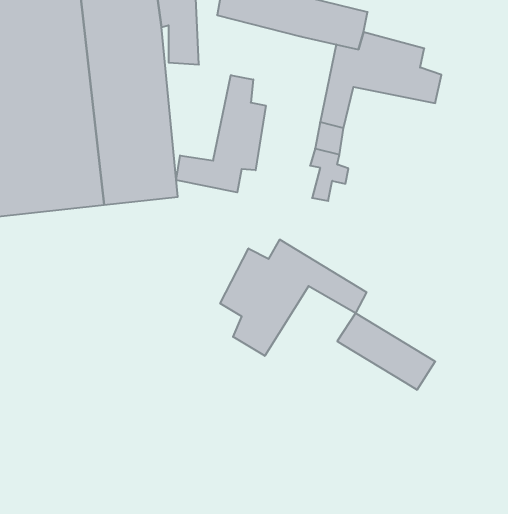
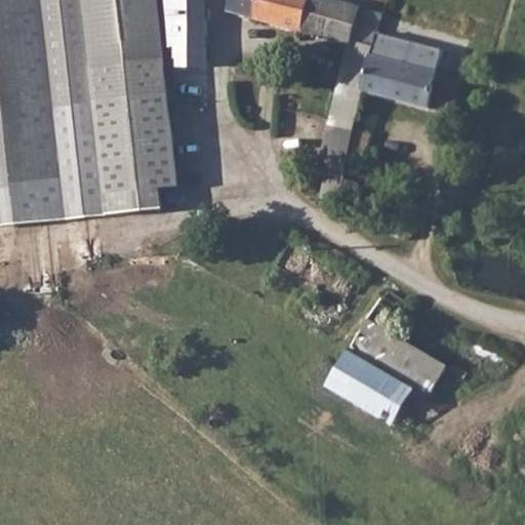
building: [176,75,266,192] -> none
building: [220,239,366,356] -> none
building: none -> [324,350,412,428]

